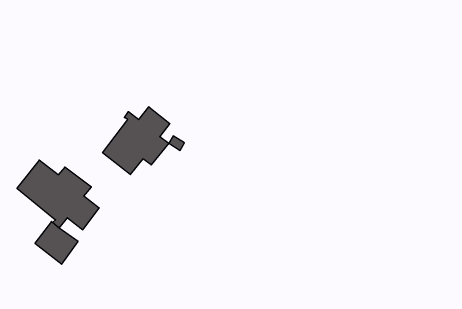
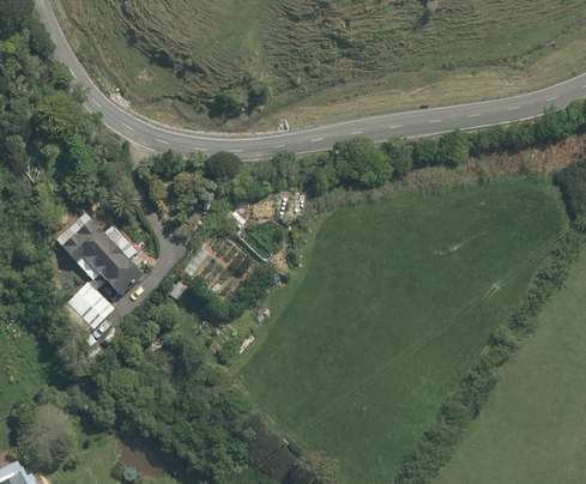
building: [103,107,170,175] -> none

